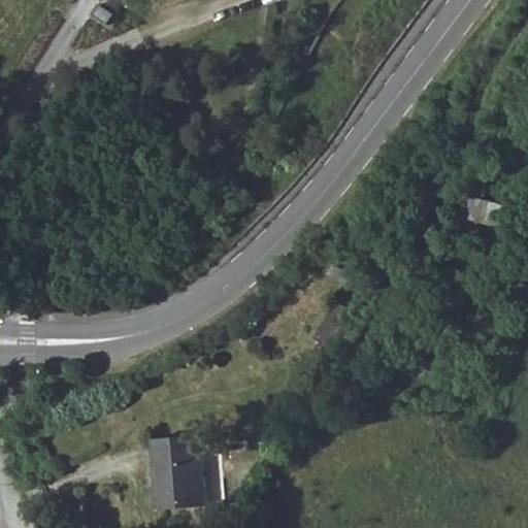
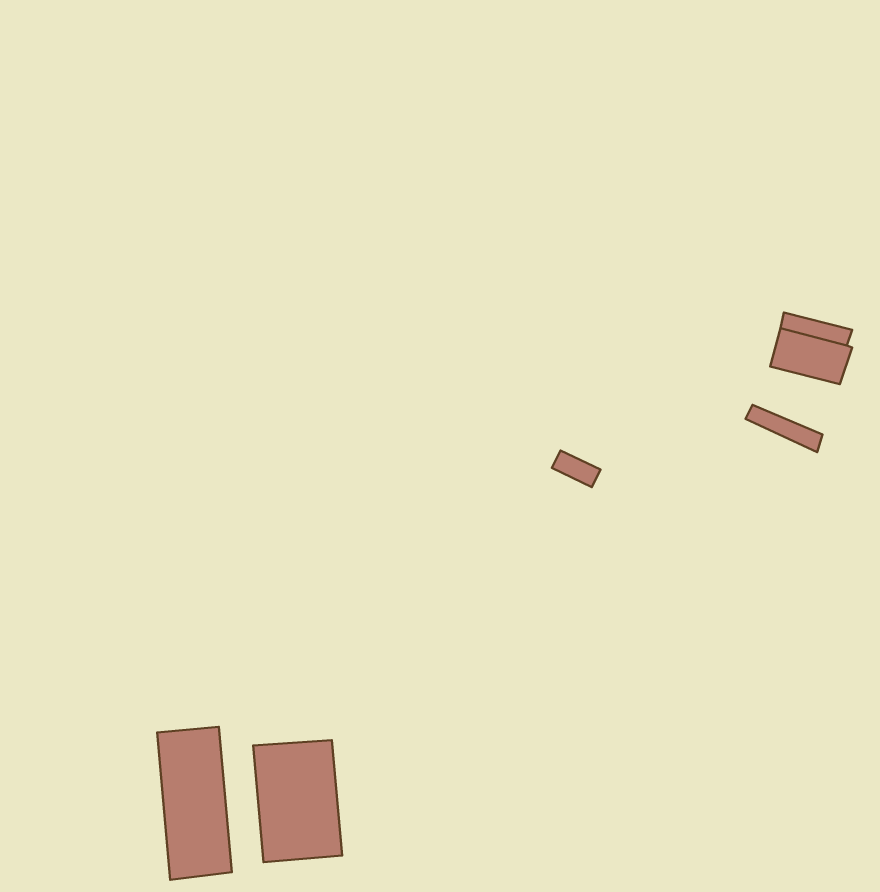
building: none -> [157,727,232,880]

